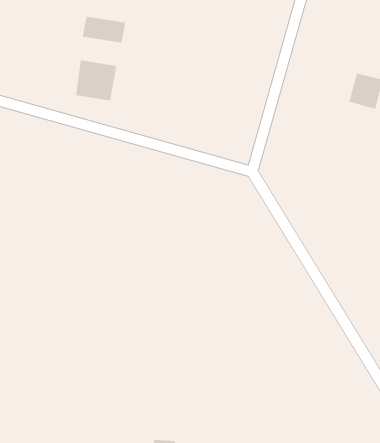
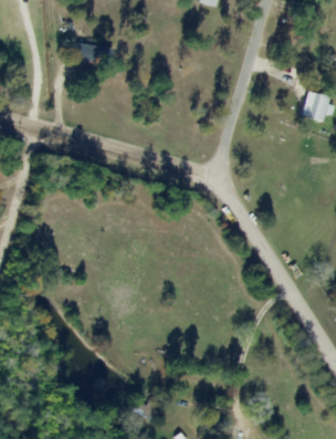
building: [76,60,117,101] -> none

